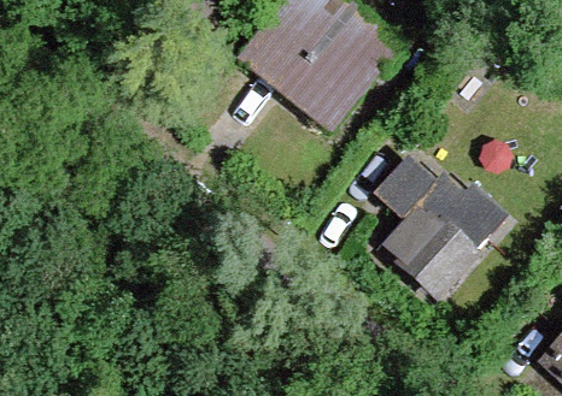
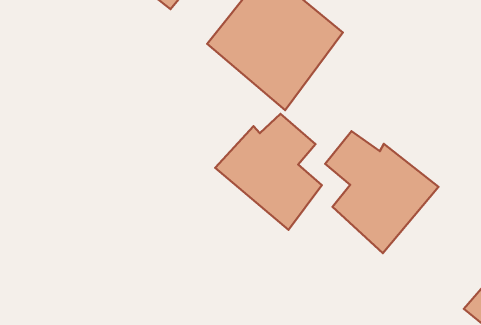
building: none -> [215,114,322,230]

